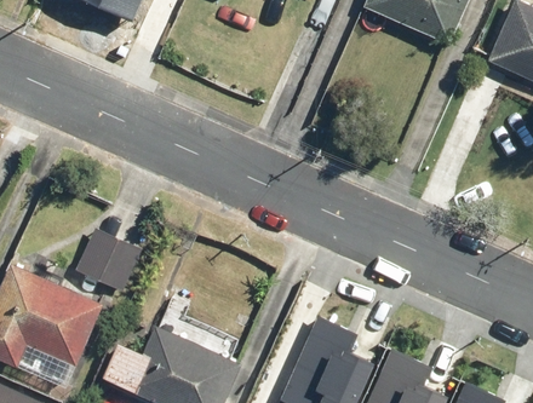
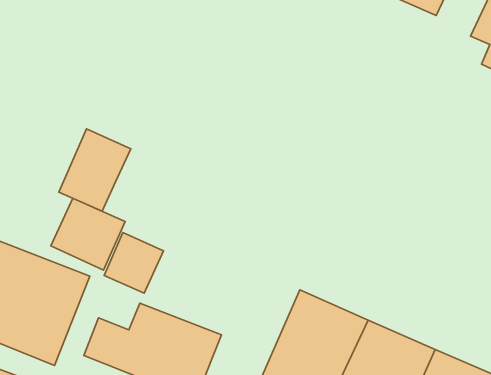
building: none -> [59,129,131,211]
building: none -> [104,232,164,293]

